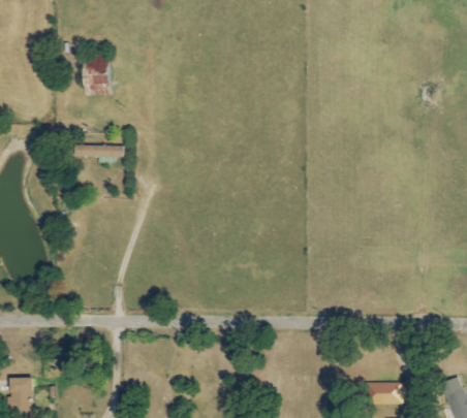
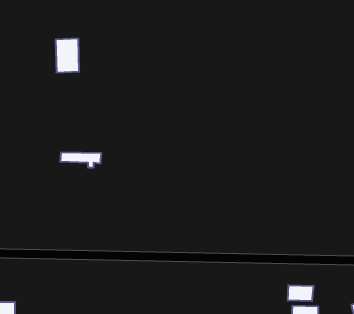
building: [72,144,123,163] -> [60,152,101,168]
building: none -> [288,285,314,301]

